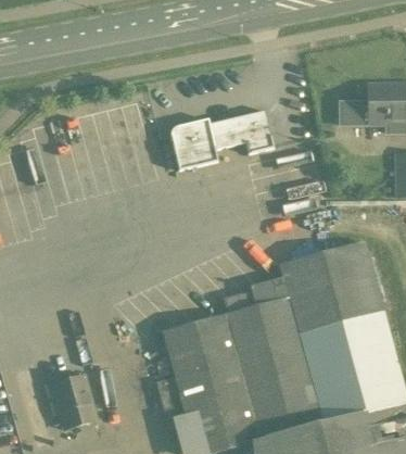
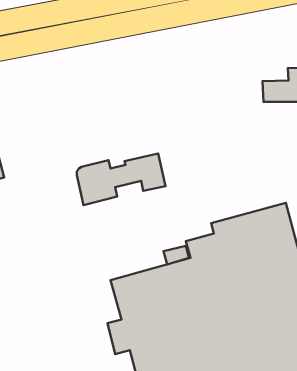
building: [170,111,274,171] -> [77,154,166,205]
building: [47,375,97,429] -> none

